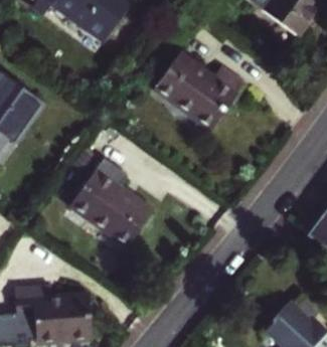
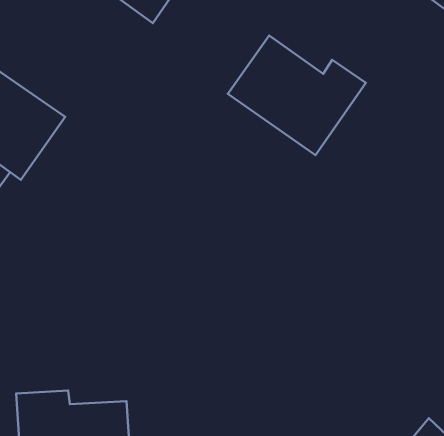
building: [69,158,154,246] -> none

